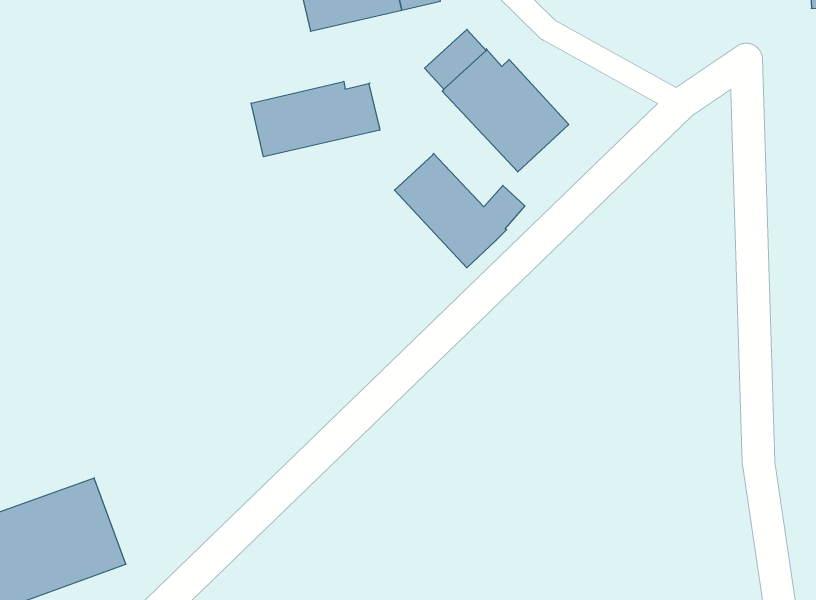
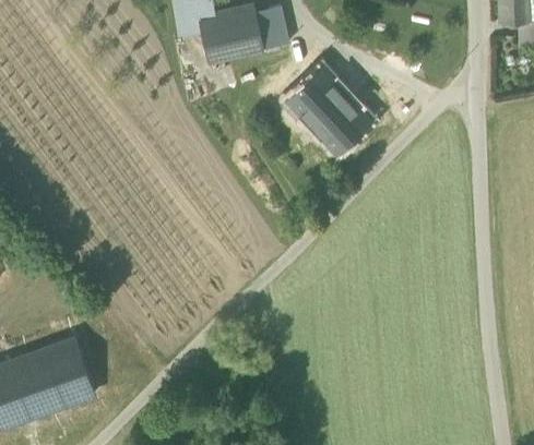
building: [251,81,380,157] -> none
building: [394,153,525,268] -> none

